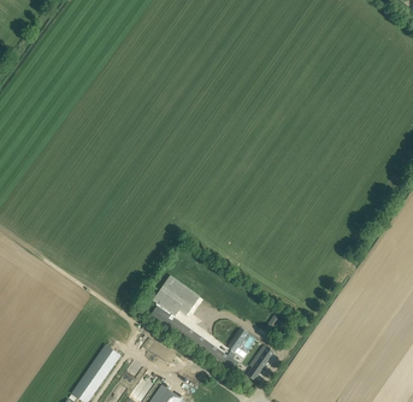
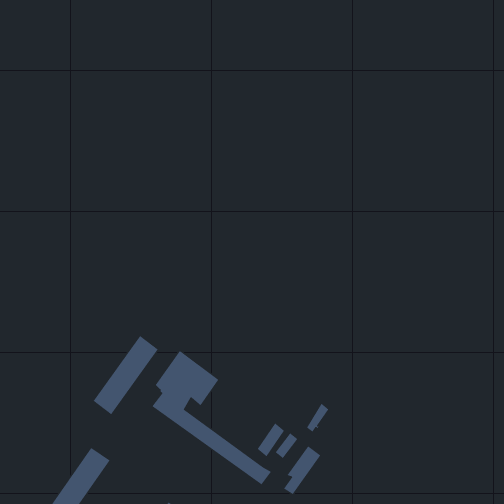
building: none -> [93,335,159,415]

